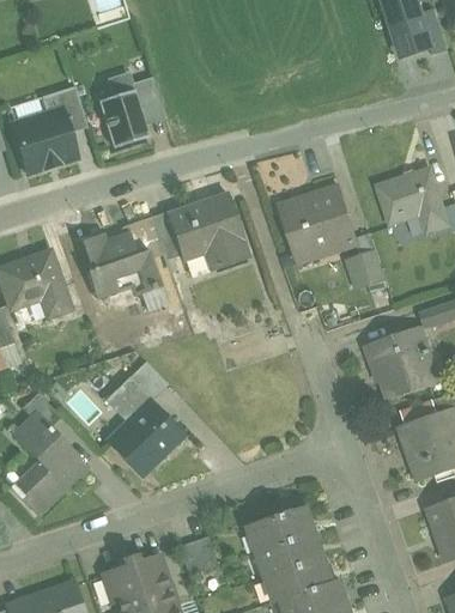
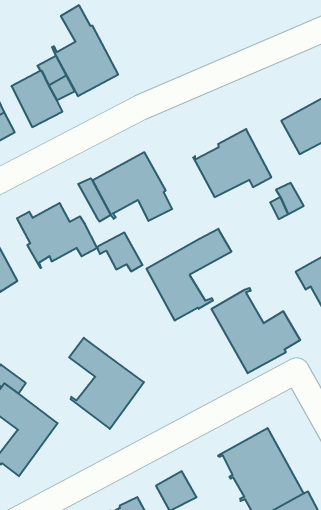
building: none -> [52,5,118,96]
building: [120,217,164,259] -> [98,233,143,271]
building: none -> [147,229,231,321]
building: none -> [212,288,300,373]
building: [129,363,168,400] -> none

